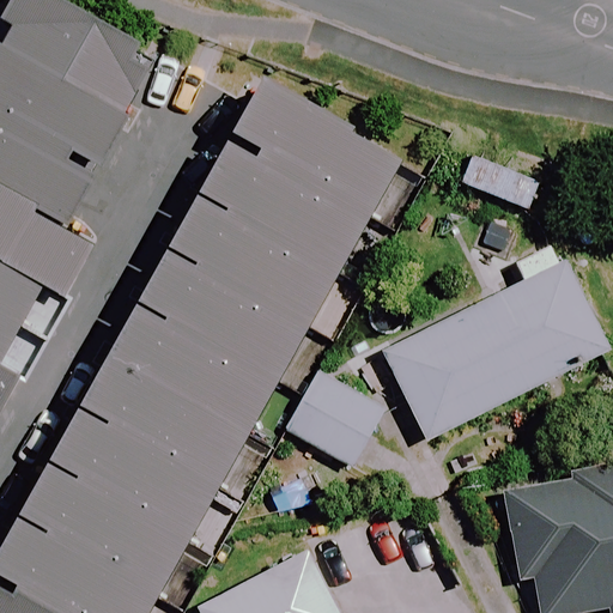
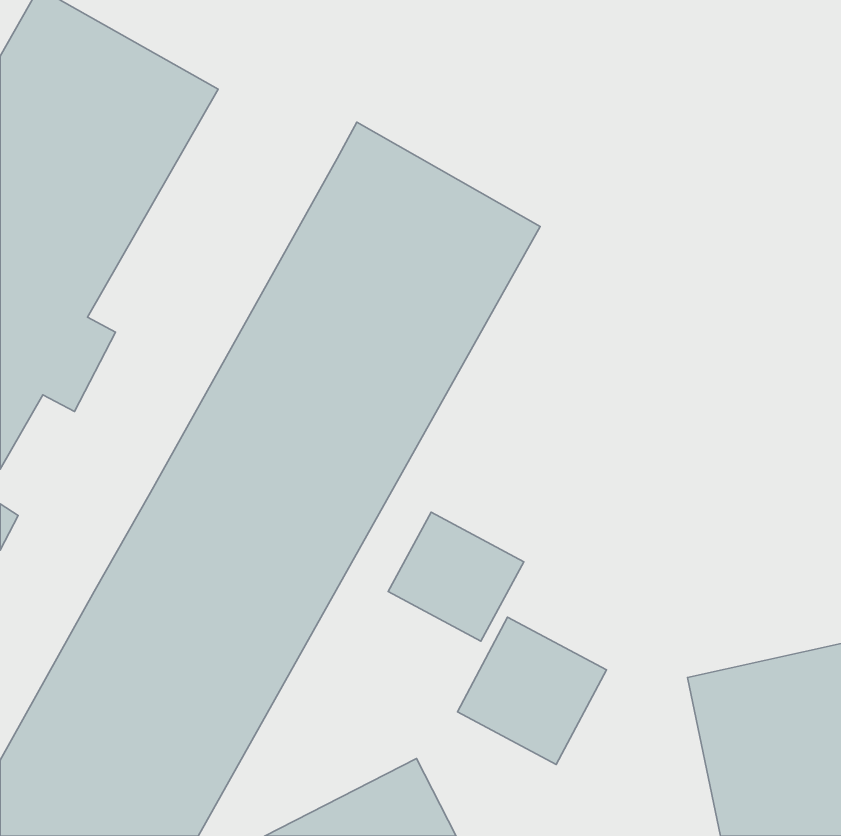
building: [382,244,603,439] -> none
building: none -> [457,617,606,765]

